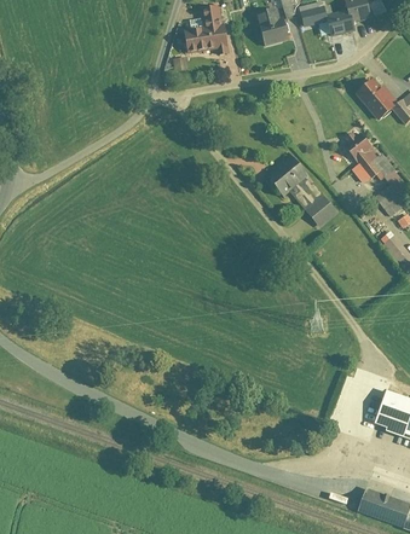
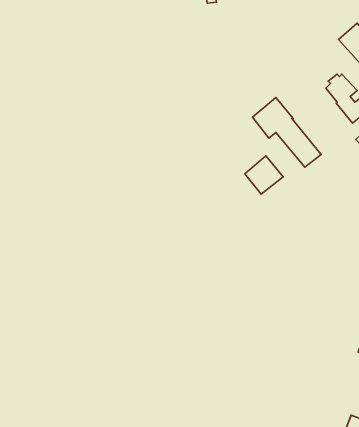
building: none -> [245,156,283,194]

